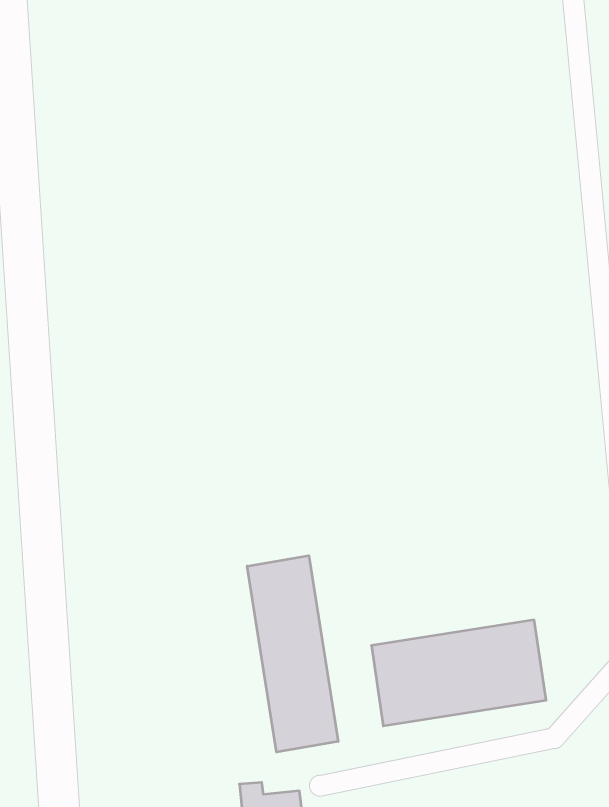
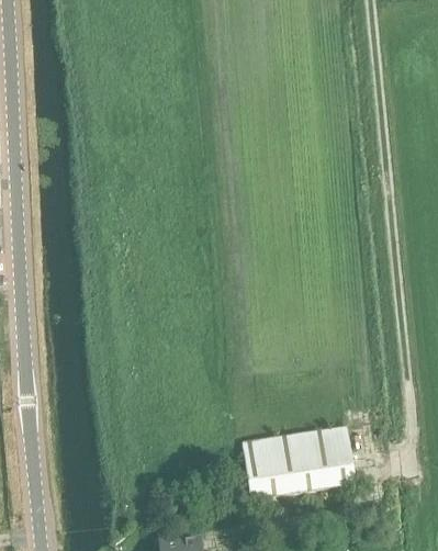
building: [247,556,338,752] -> none

